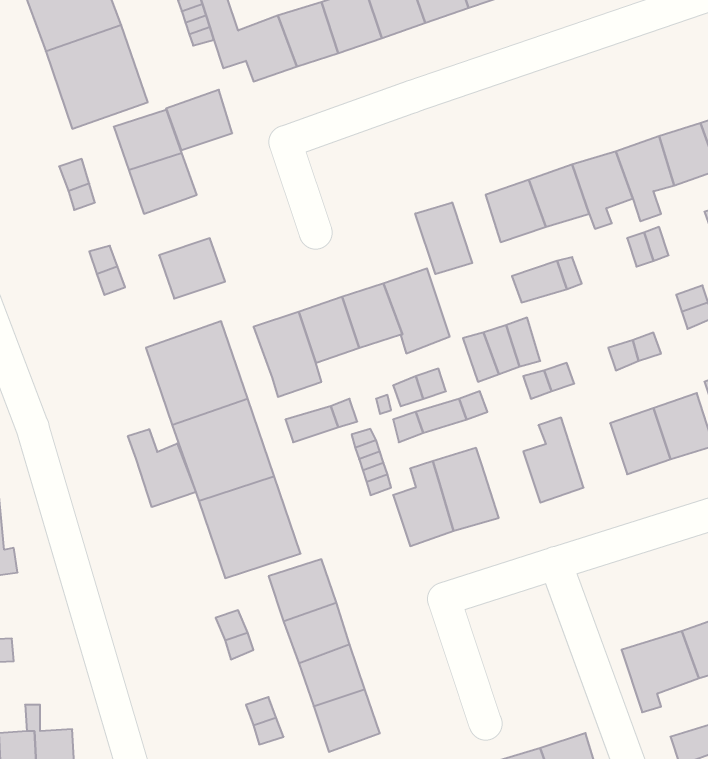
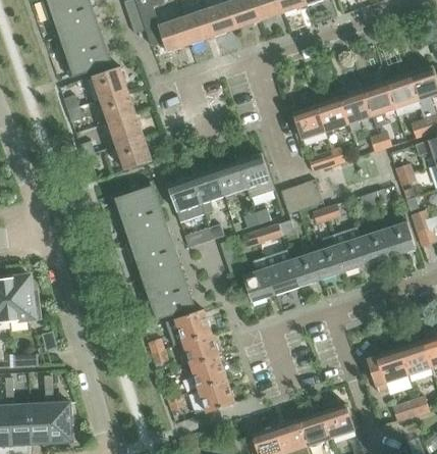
building: [166,90,232,150] -> [108,113,144,146]
building: [415,202,472,274] -> none
building: none -> [333,226,369,271]
building: [128,429,196,507] -> none
building: none -> [290,252,322,288]

